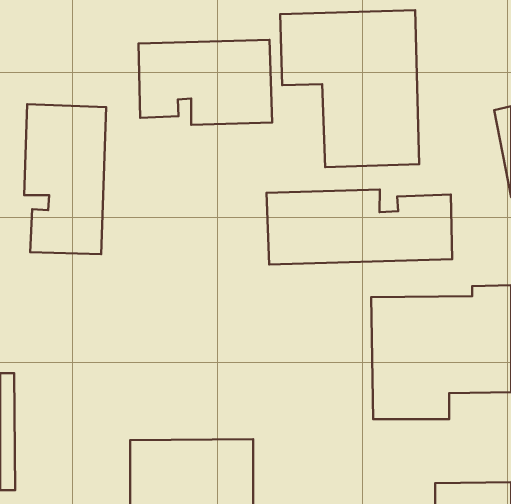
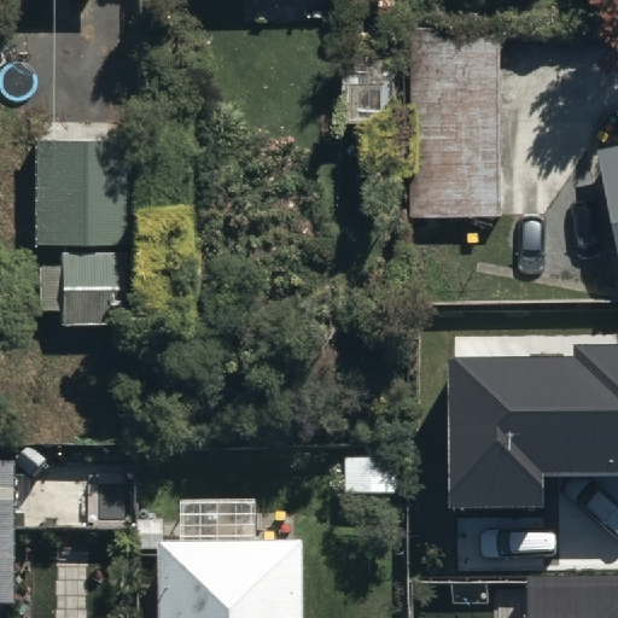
building: [138,40,272,125] -> none
building: [266,189,452,265] -> none

